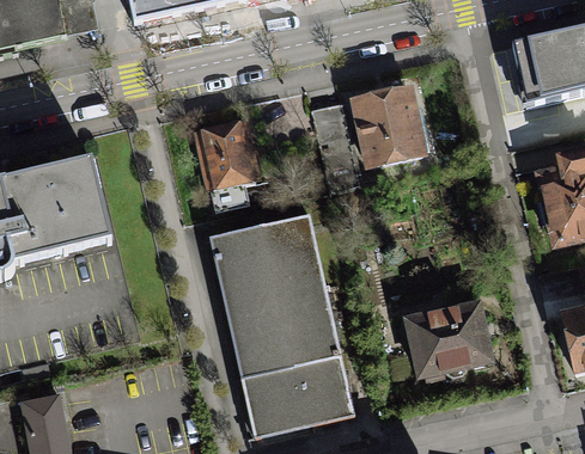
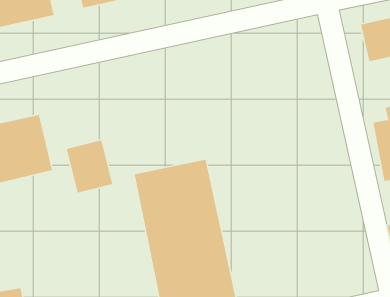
building: [311,82,434,178] -> none
building: [194,116,258,189] -> [66,140,113,193]
building: [404,299,498,376] -> none

